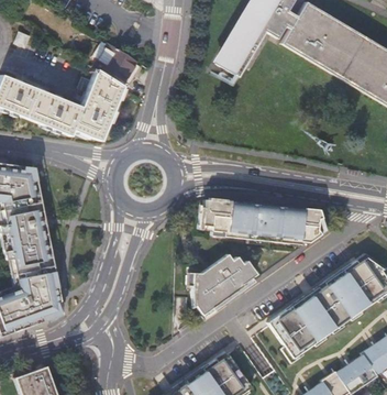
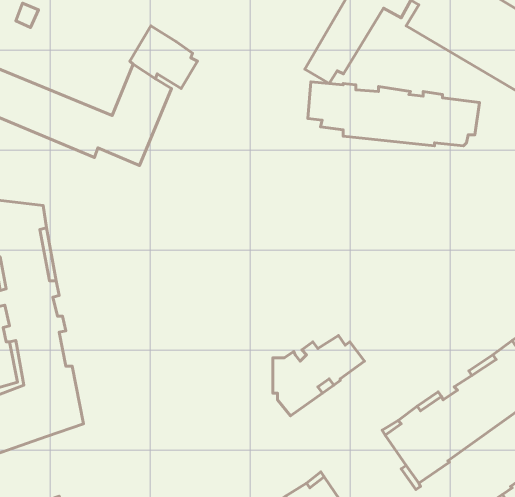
building: [202,198,320,242] -> [308,82,479,146]

